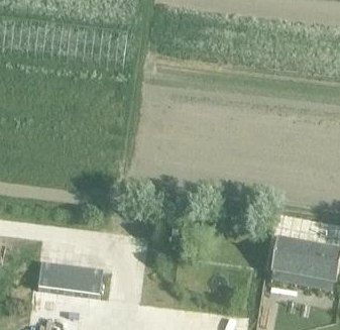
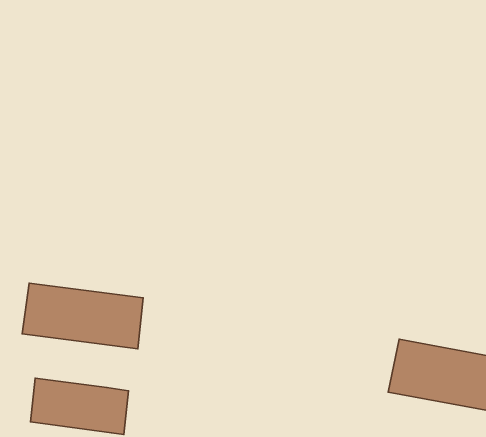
building: none -> [22,283,143,349]

